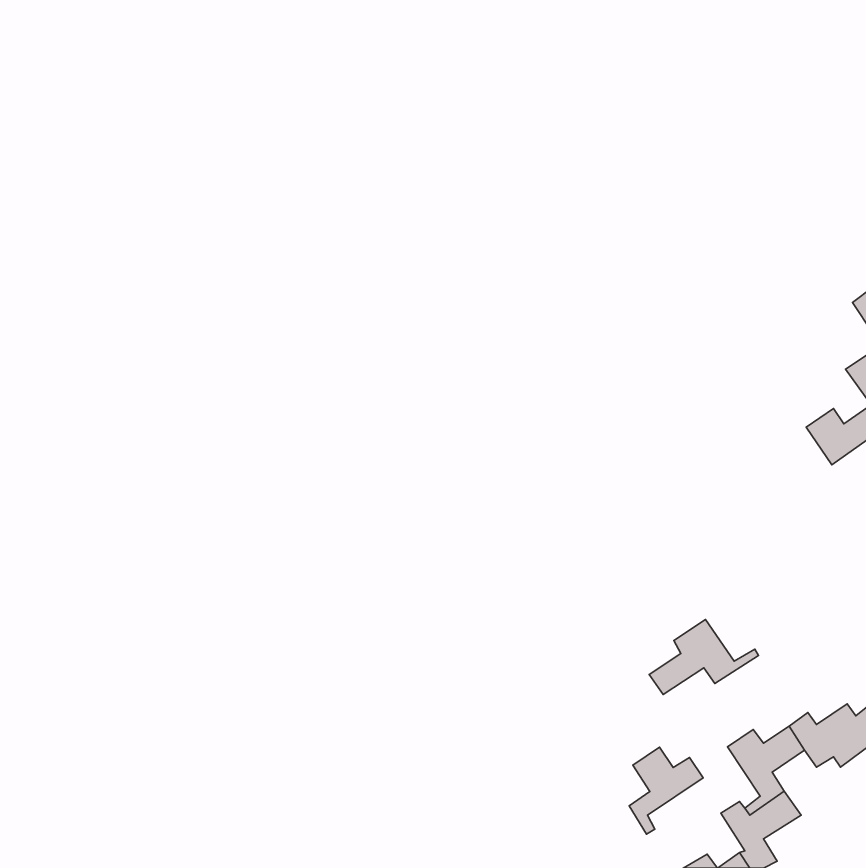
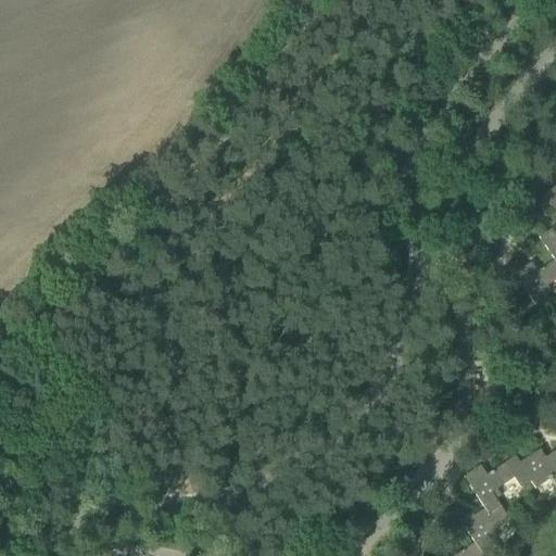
building: [649,619,758,694] -> none
building: [629,747,703,834] -> none

